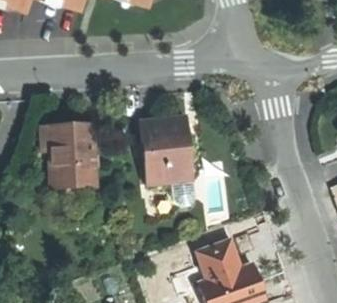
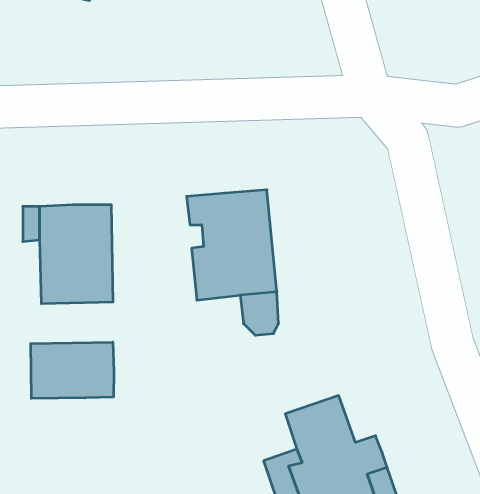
building: none -> [31,342,114,398]

